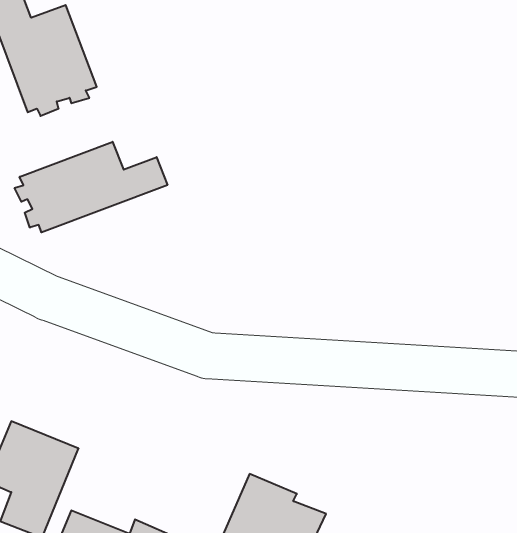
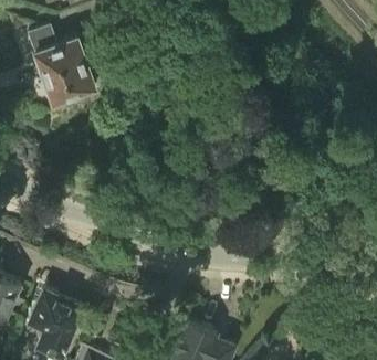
building: [15,142,167,232] -> none

